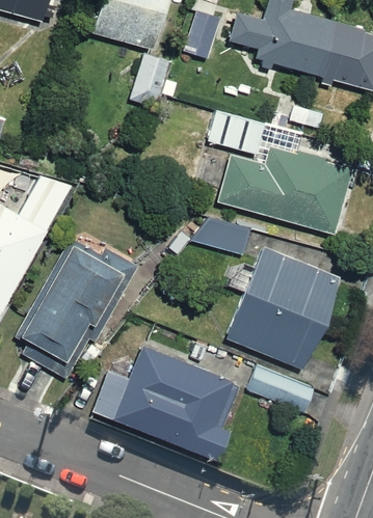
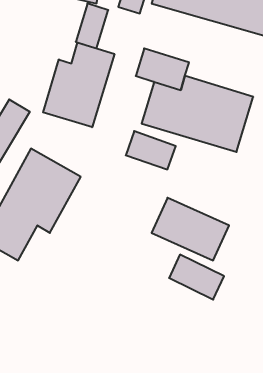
building: none -> [43,43,114,127]
building: [244,245,342,326] -> none
building: [92,345,237,468] -> none

